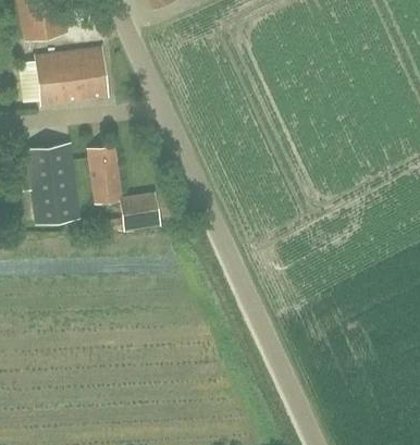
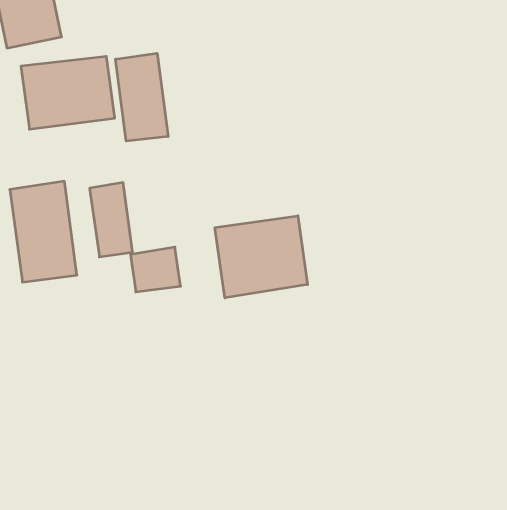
building: none -> [116,53,168,141]
building: none -> [215,216,308,298]

